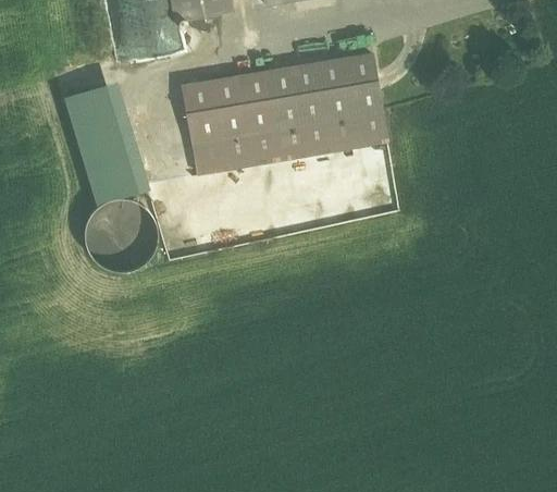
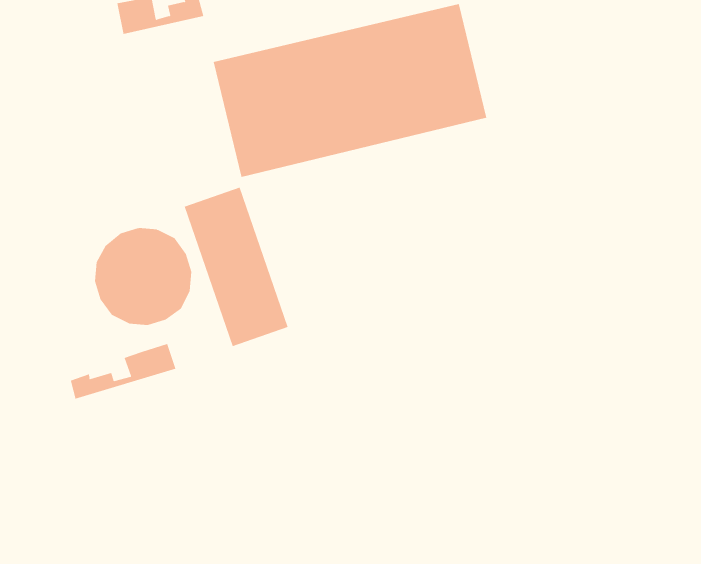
building: [65,89,138,209] -> [184,187,289,347]
building: none -> [70,343,176,400]

